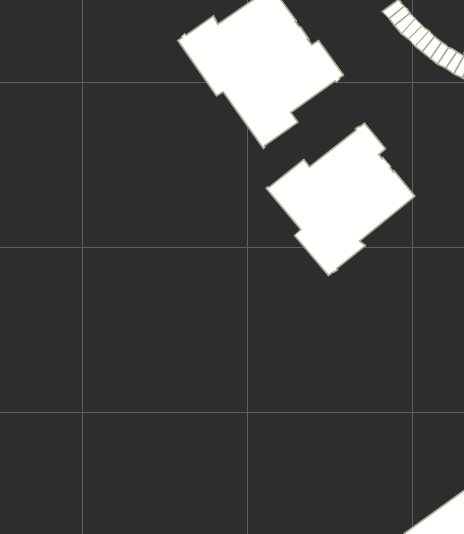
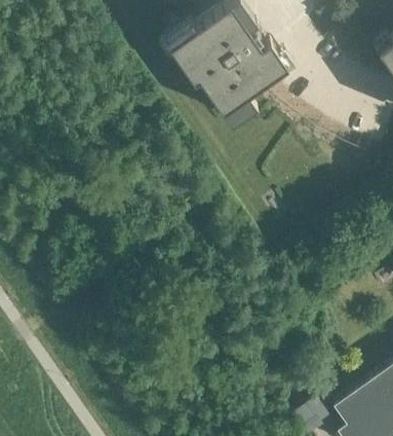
building: [266,123,415,275] -> none

